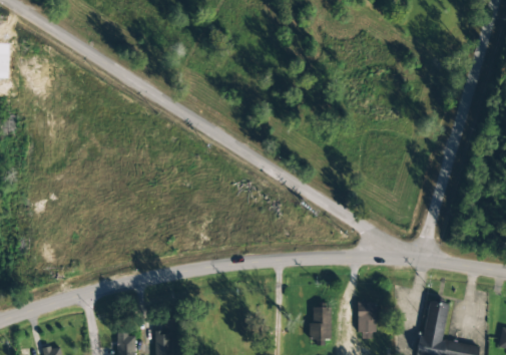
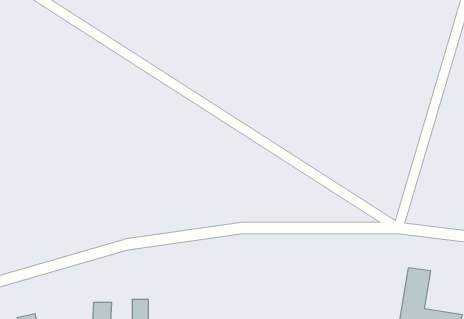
building: [359,301,376,338] -> none
building: [310,307,332,343] -> none

